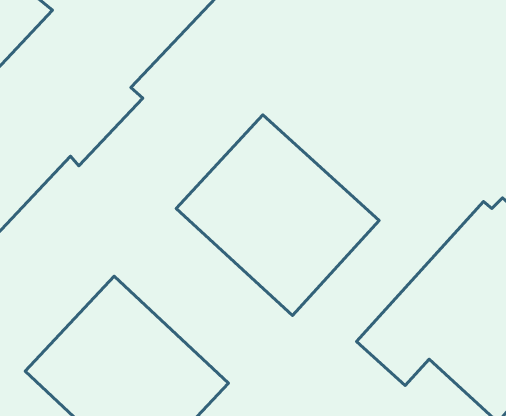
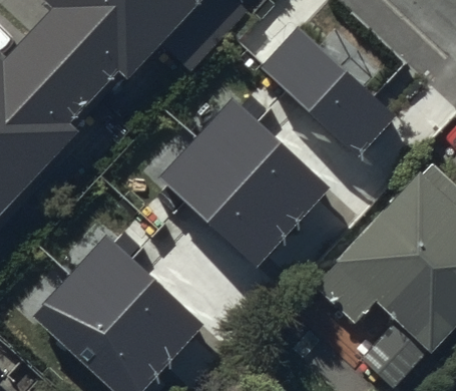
building: none -> [262,26,396,155]

